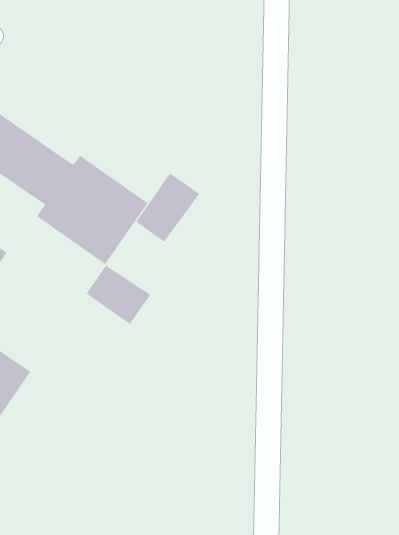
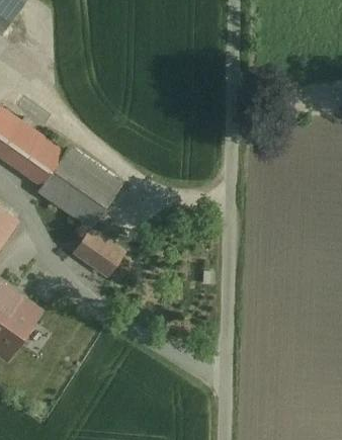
building: [136,172,200,242] -> none

